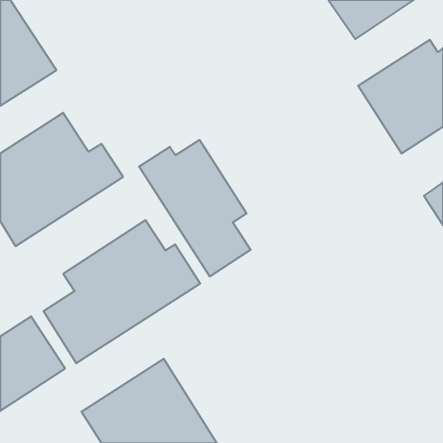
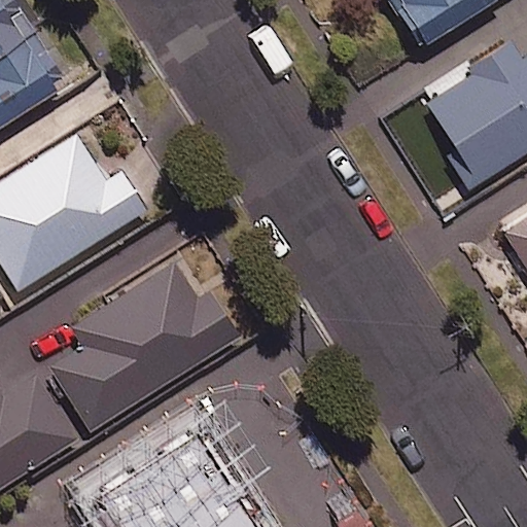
building: [139,140,251,277] -> none

